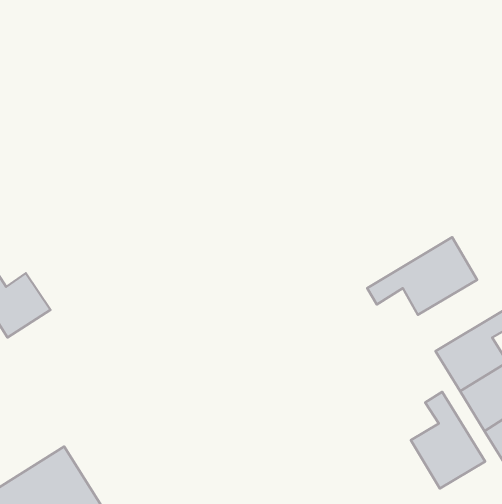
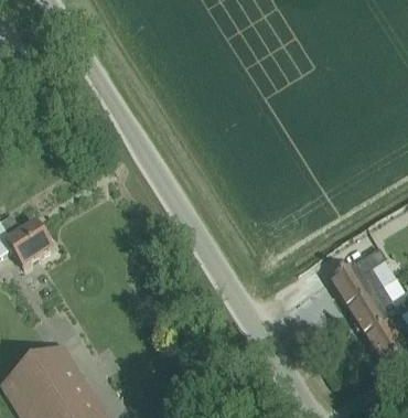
building: [367,237,477,315] -> none
building: [411,392,485,489] -> none

